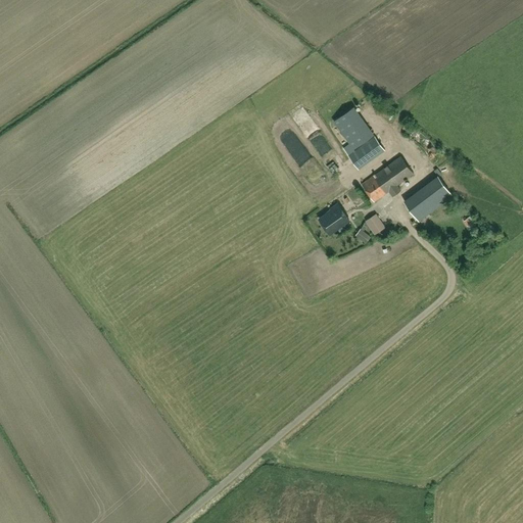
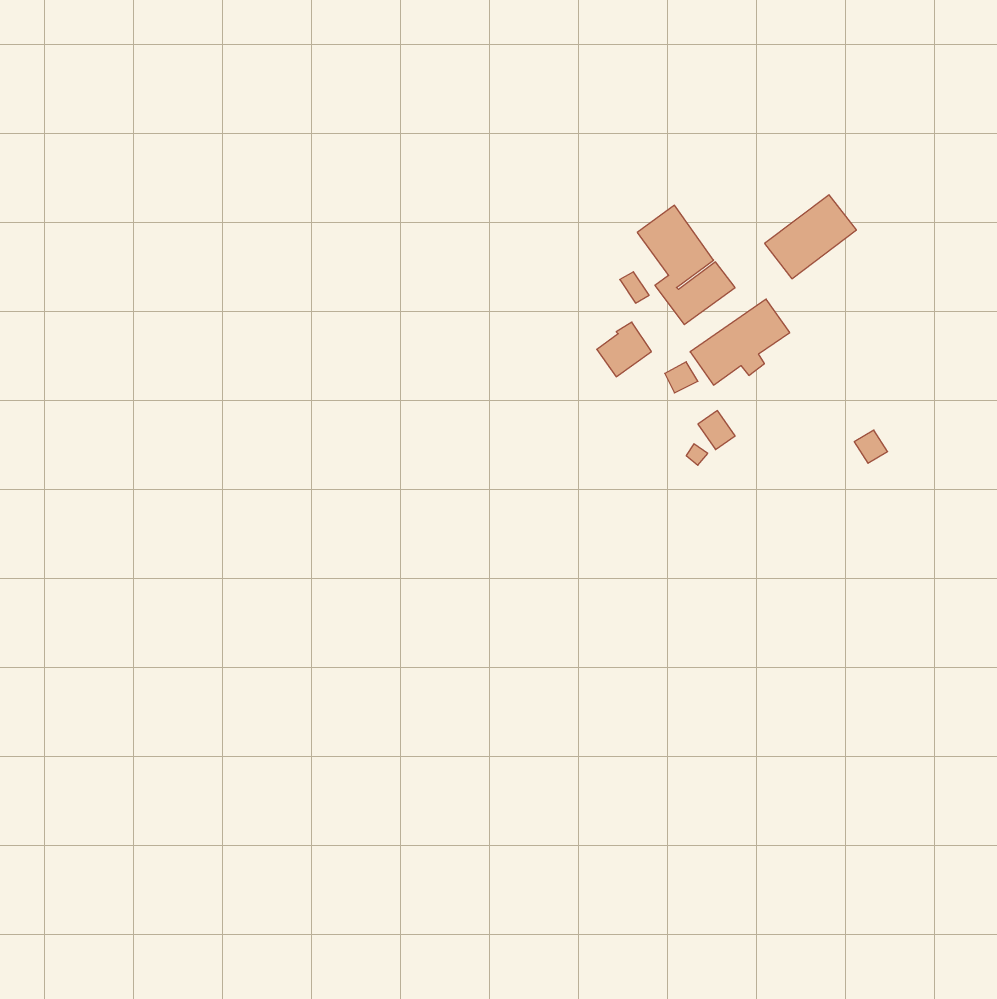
building: [403,178,451,222] -> [765,195,856,279]
building: [319,204,347,233] -> [597,322,651,377]

